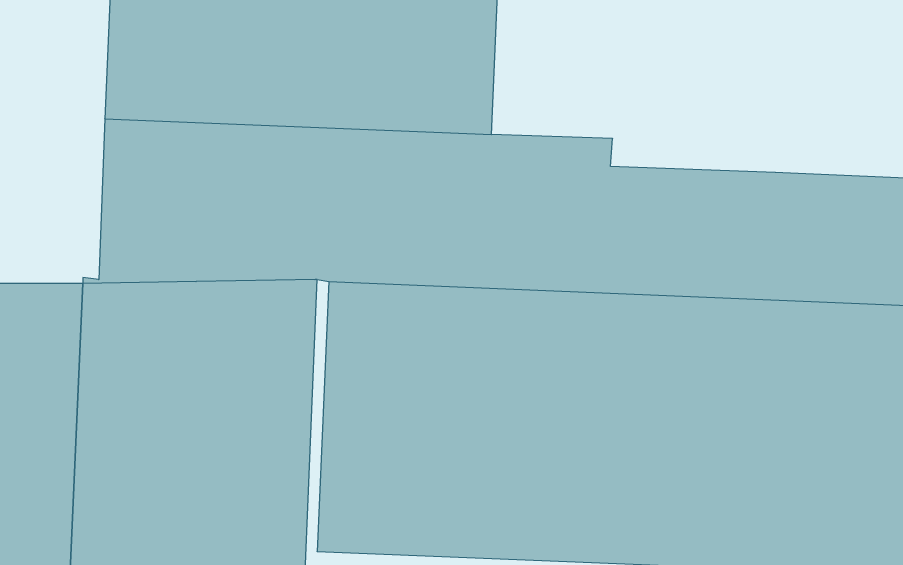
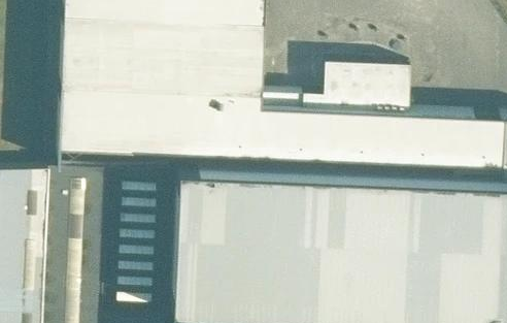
building: none -> [322,59,409,109]

